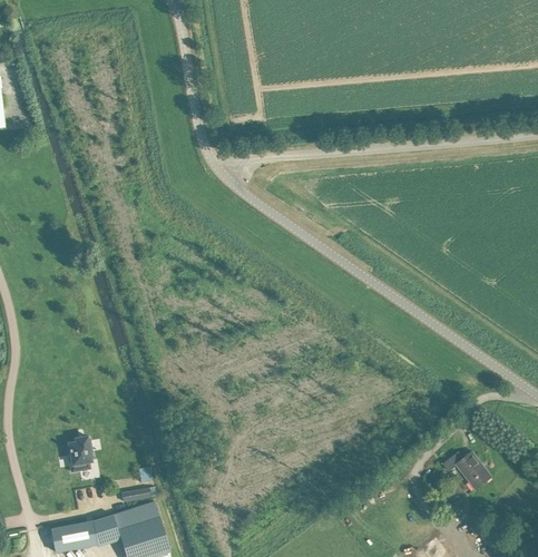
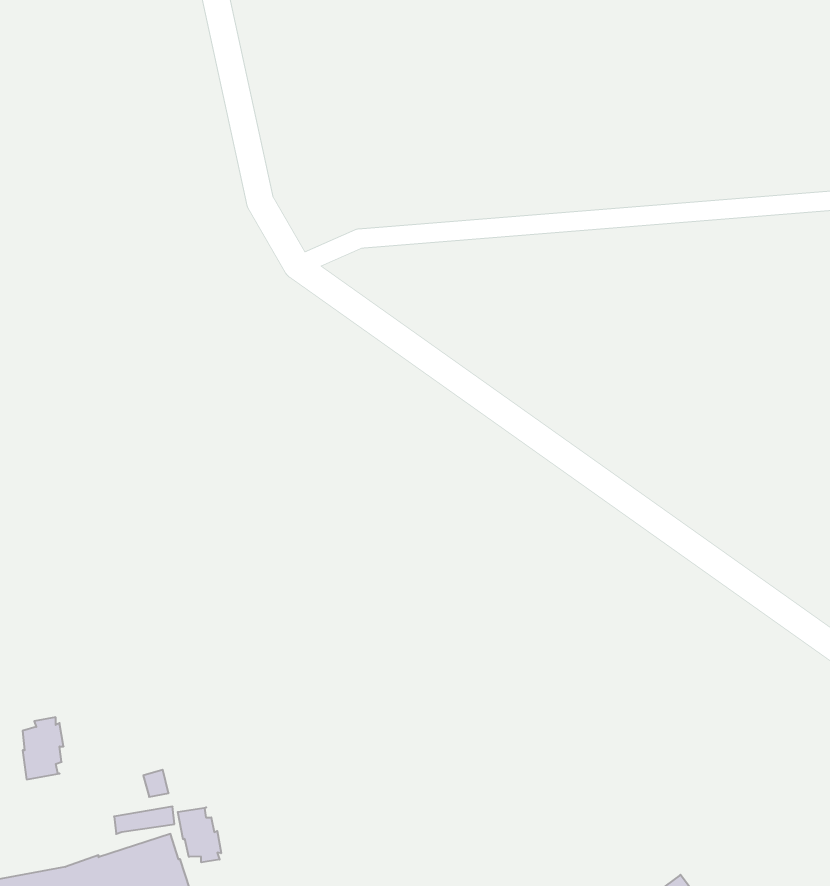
building: [443,452,491,489] -> none
building: none -> [178,807,221,862]

